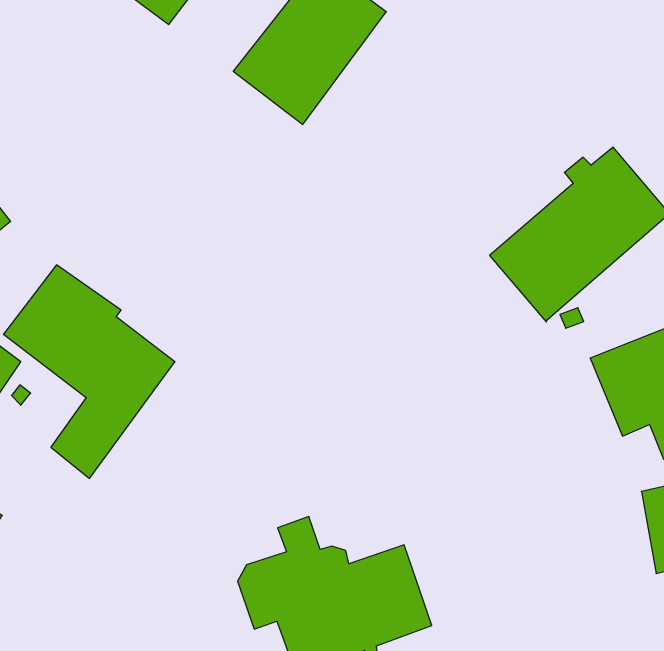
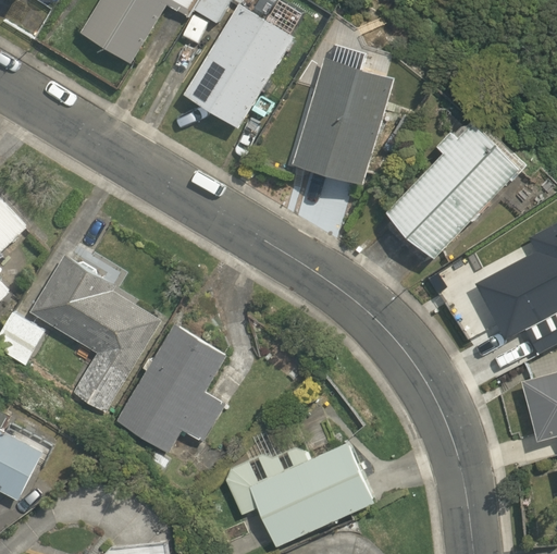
building: none -> [292,46,391,184]
building: none -> [116,323,225,452]

